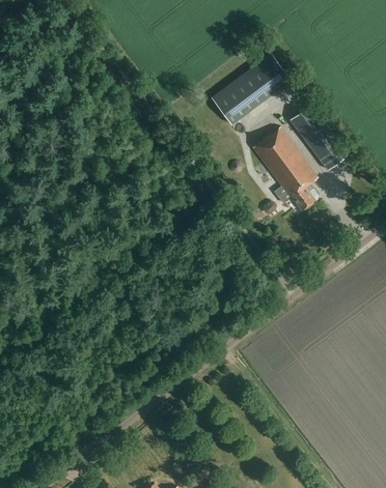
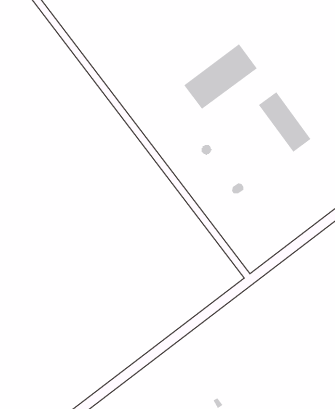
building: [252,128,316,210] -> none

